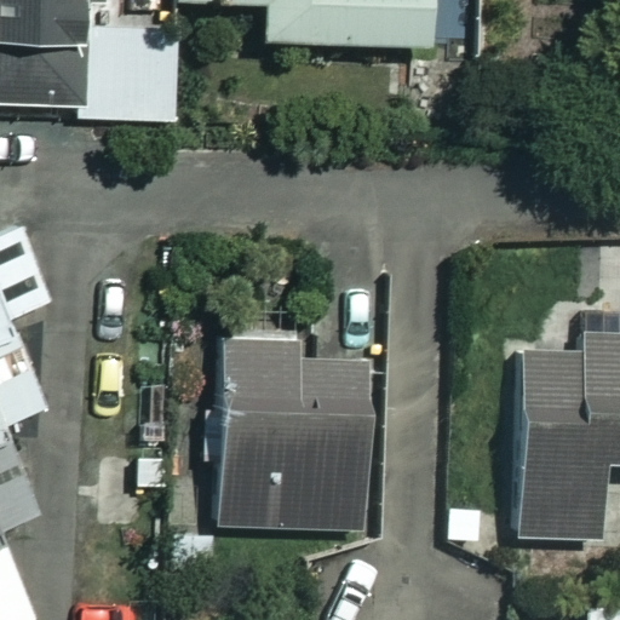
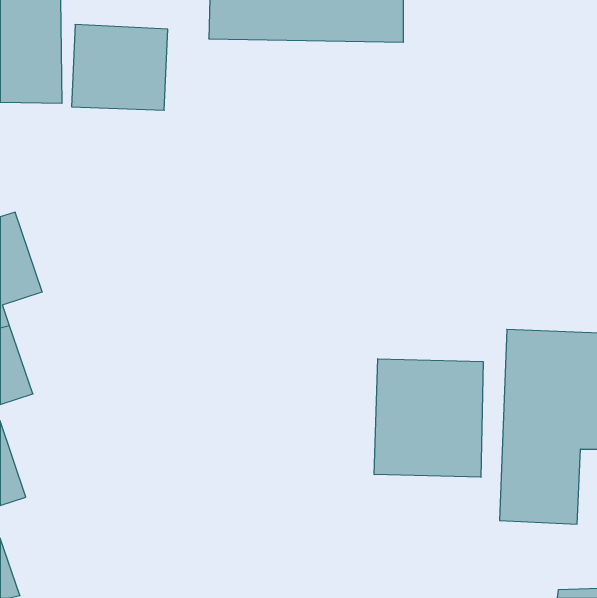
building: [222,349,368,536] -> none
building: none -> [374,359,483,477]

